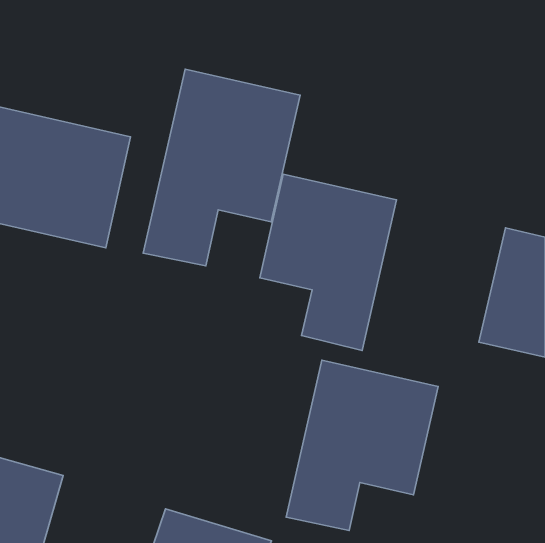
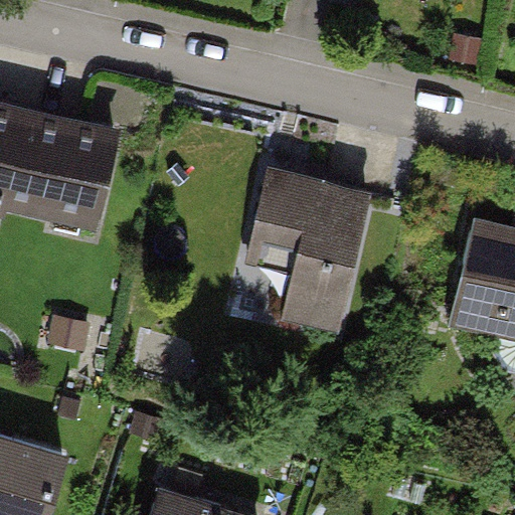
building: [143,69,300,266] -> none
building: [286,360,438,530] -> none

